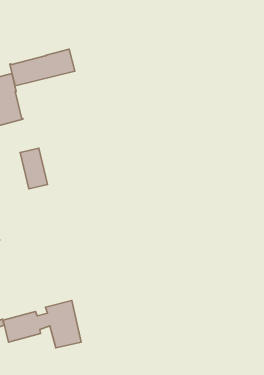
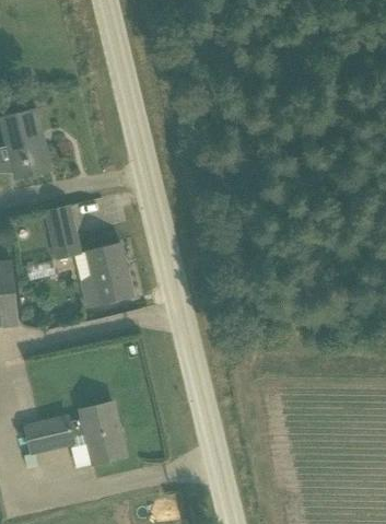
building: [10,49,75,86] -> none
building: none -> [80,243,132,308]

